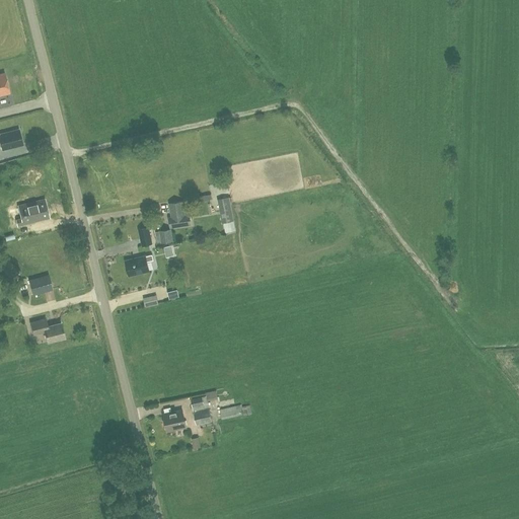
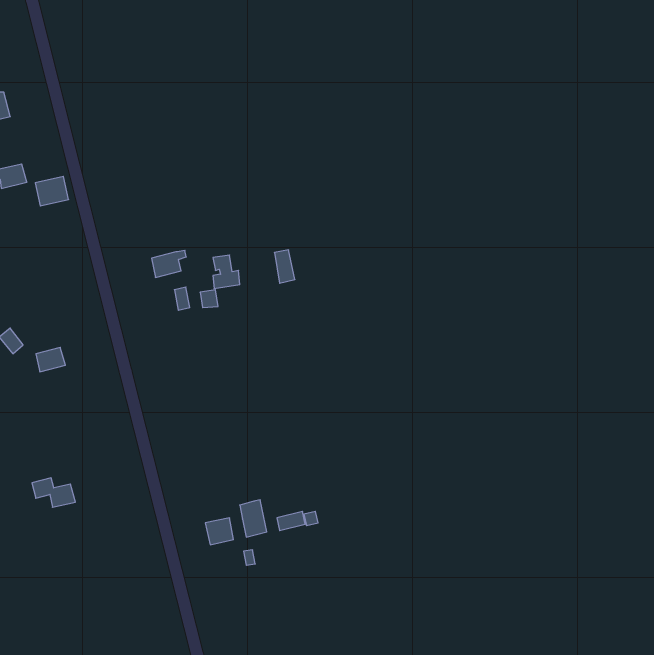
building: [21,200,48,223] -> [35,176,69,206]
building: [125,254,152,276] -> [152,250,186,277]
building: [29,318,64,342] -> [32,478,75,507]

